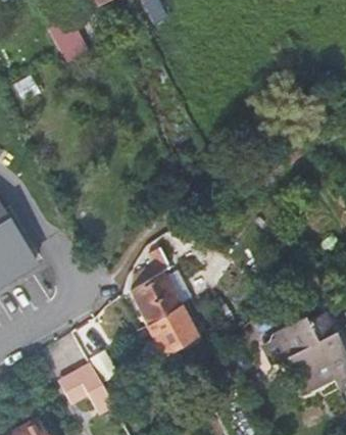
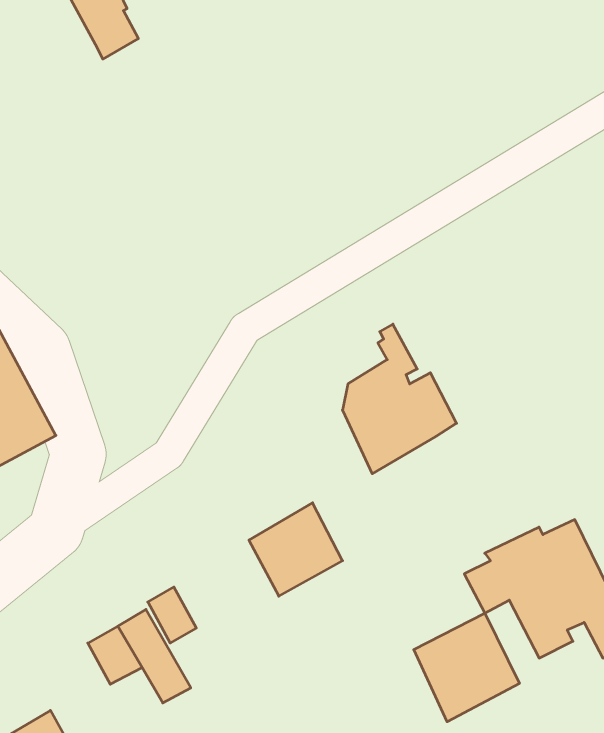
building: [130,243,192,325] -> [342,324,457,474]
building: none -> [414,613,519,722]

